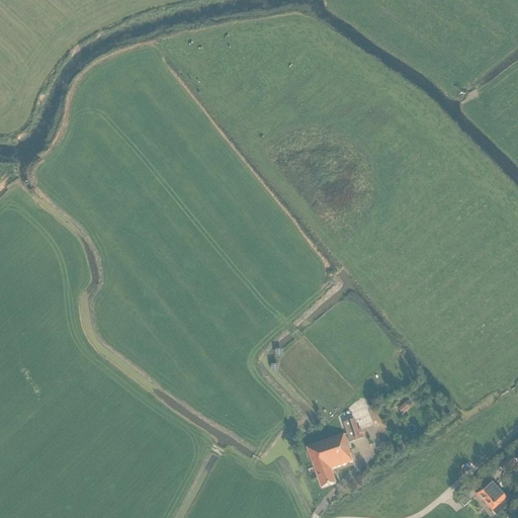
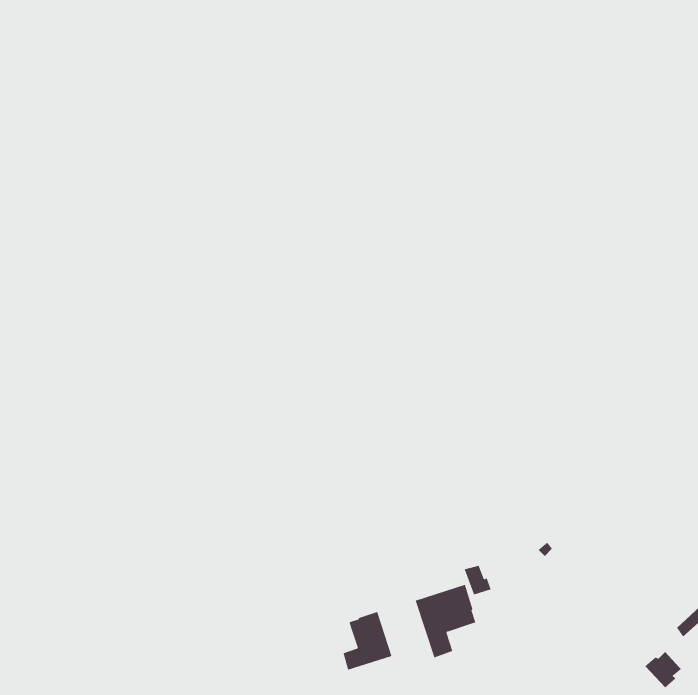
building: none -> [343,611,392,670]

